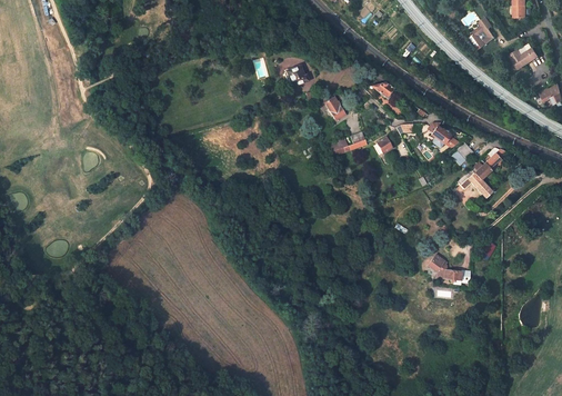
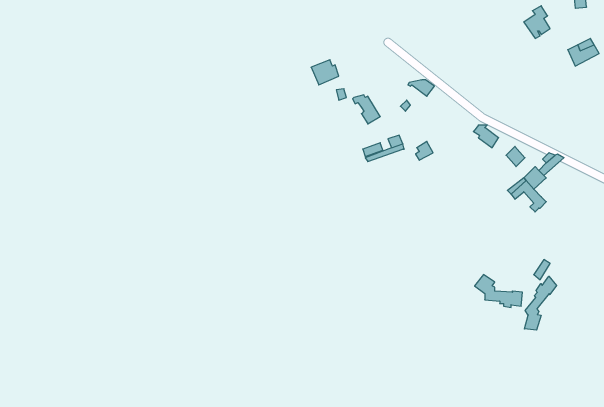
building: none -> [524,276,557,330]

